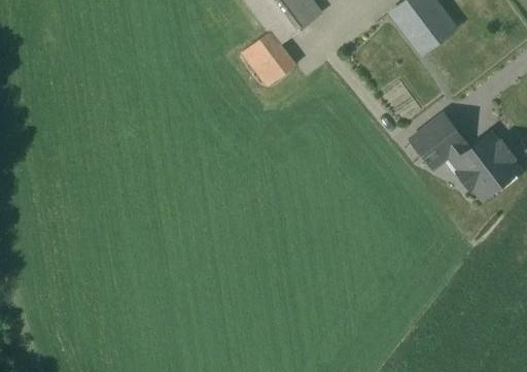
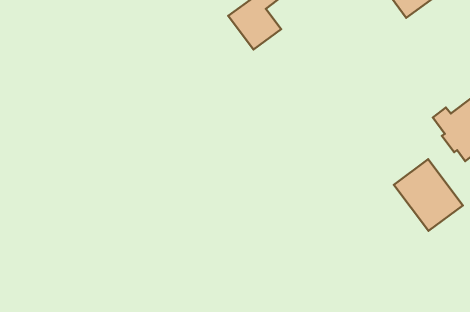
building: [413,115,465,166] -> none
building: none -> [394,159,463,231]

